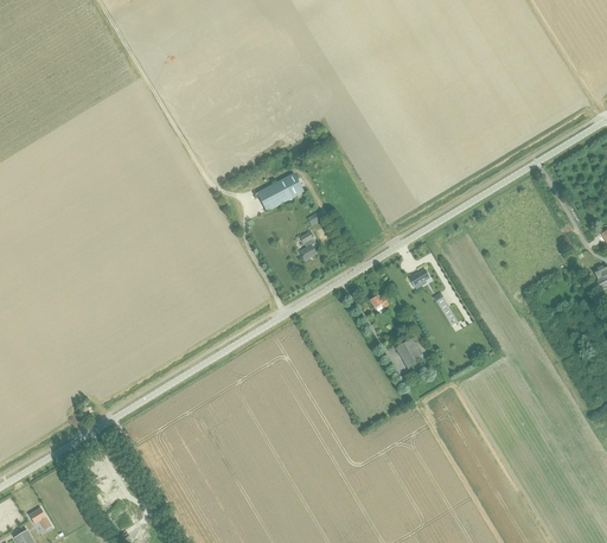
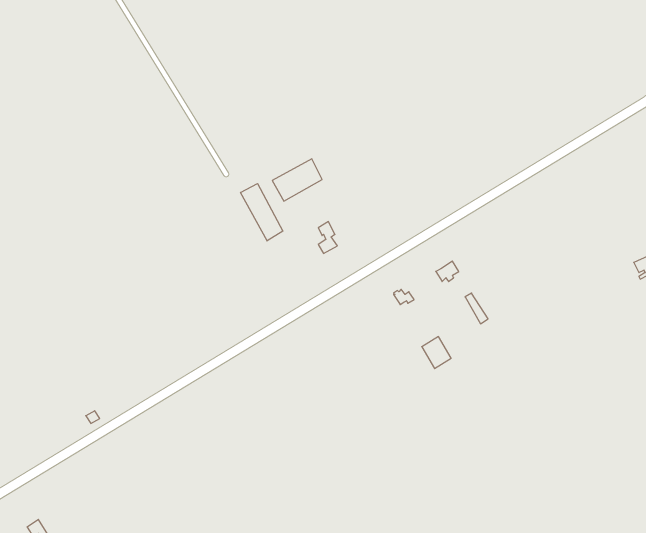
building: none -> [241,184,283,241]

